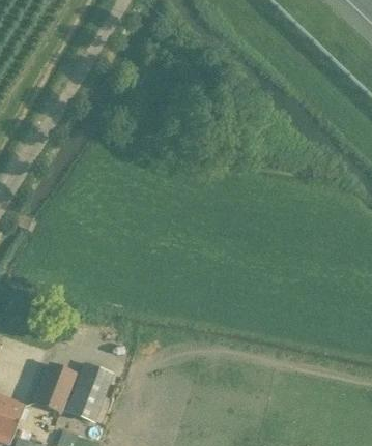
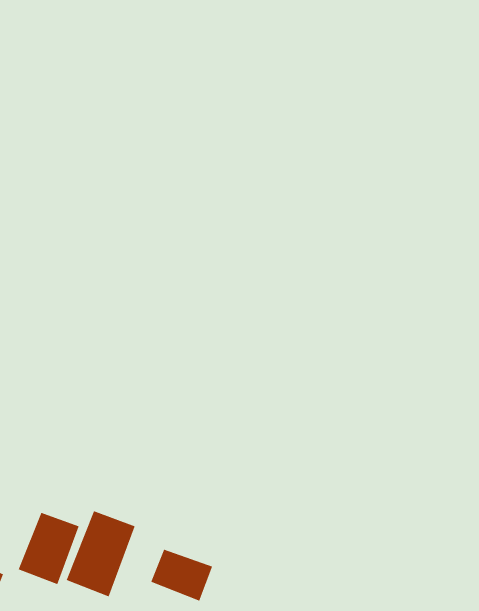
building: none -> [150,549,213,602]

